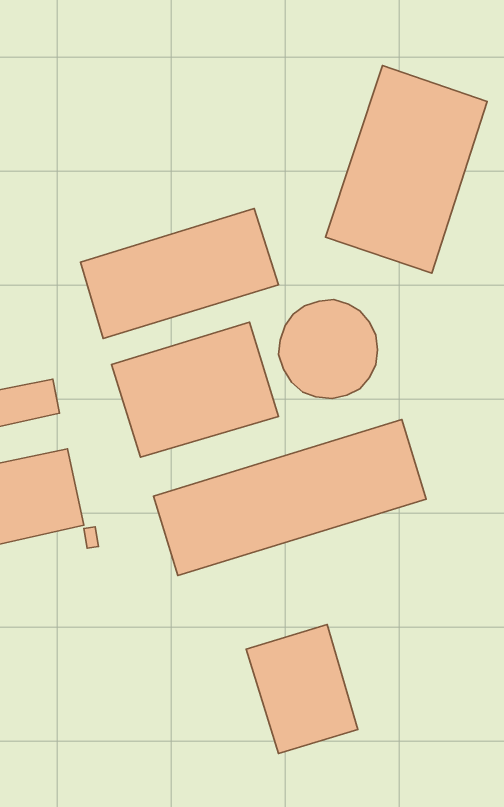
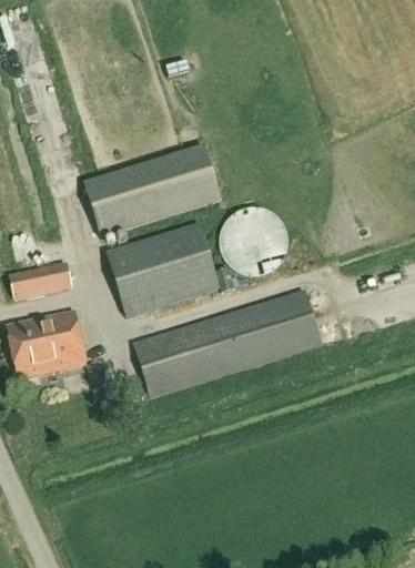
building: [325,66,487,273] -> none
building: [246,624,358,754] -> none

